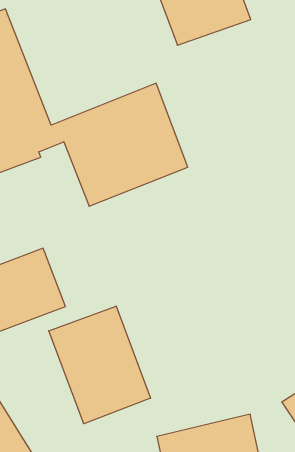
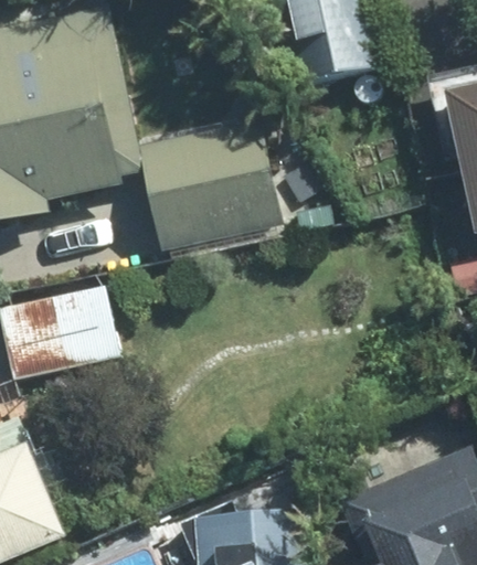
building: [49,306,151,424] -> none

